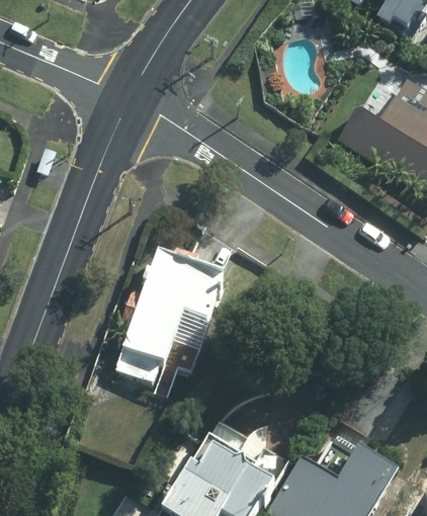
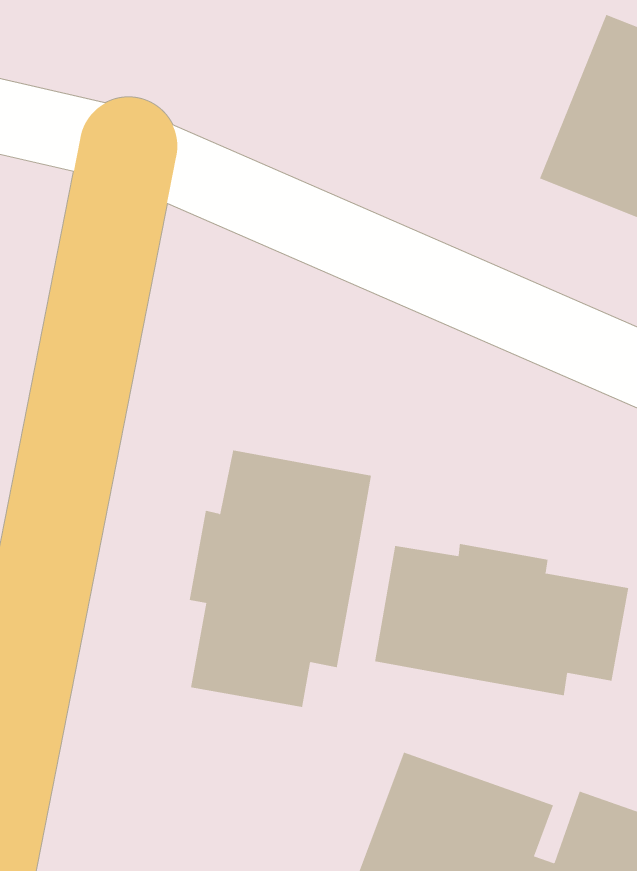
building: none -> [374,543,629,696]

